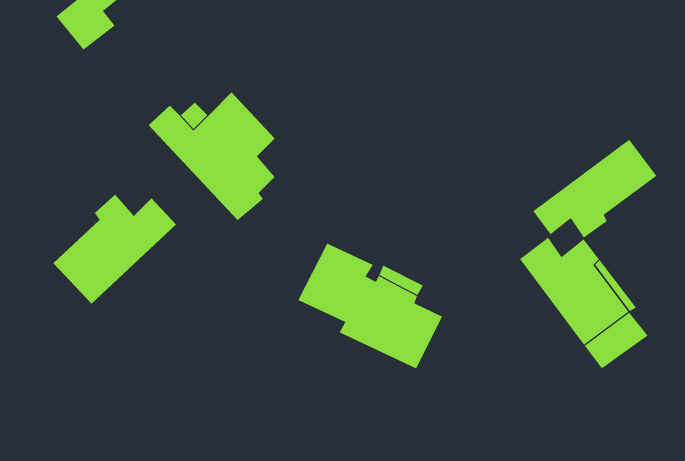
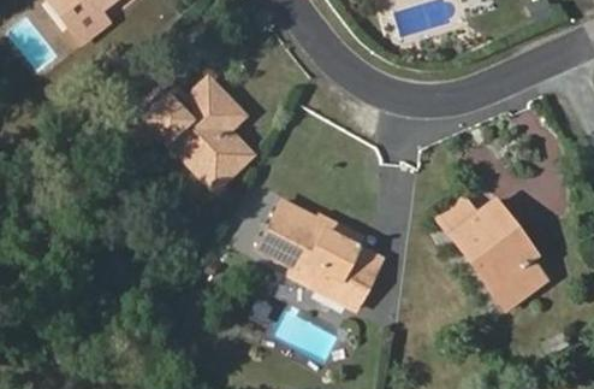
building: [533,139,657,238] -> none
building: [52,194,177,305] -> none

